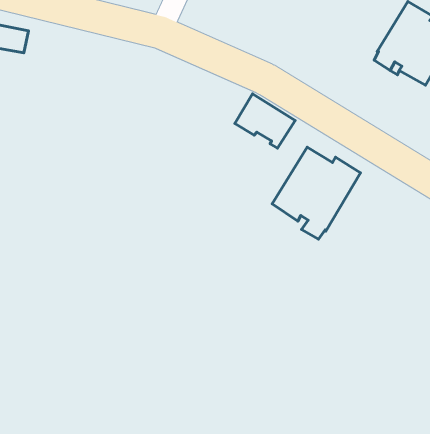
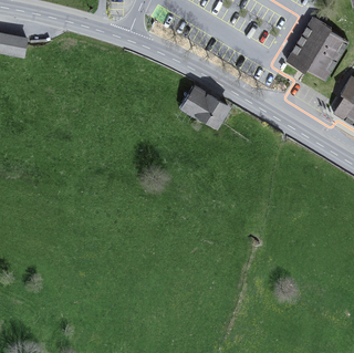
building: [272,147,360,239] -> none

